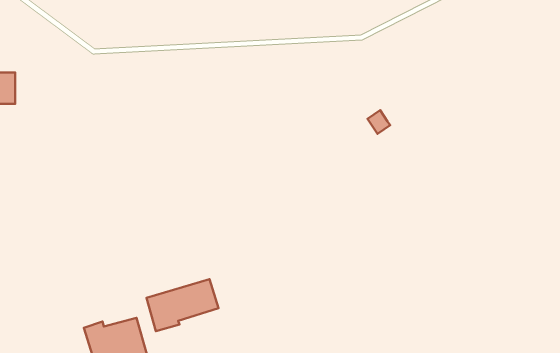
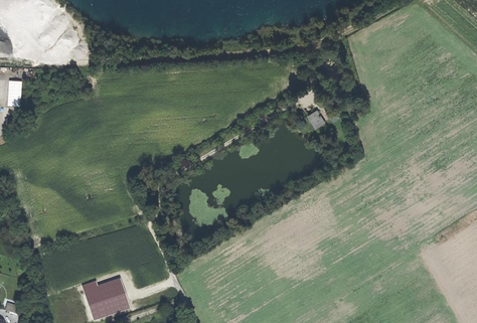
building: [147,279,218,331] -> none

